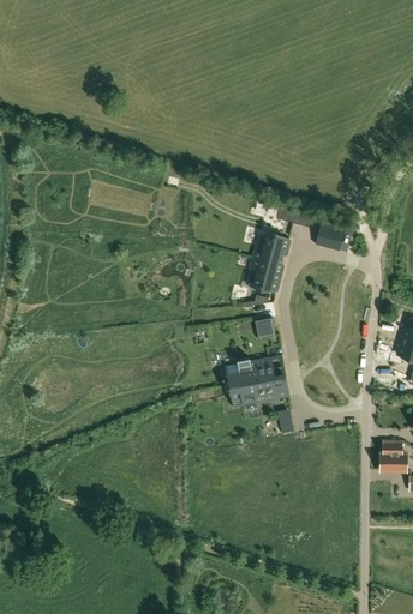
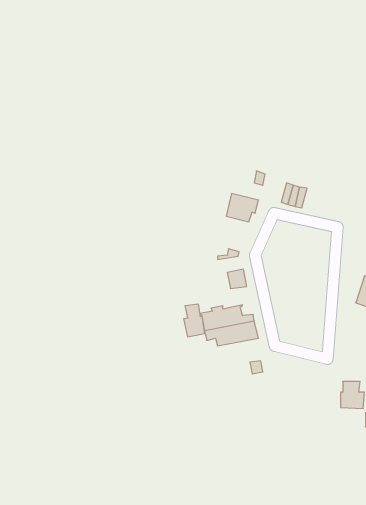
building: [246,259,283,293] -> none
building: none -> [184,304,205,337]

